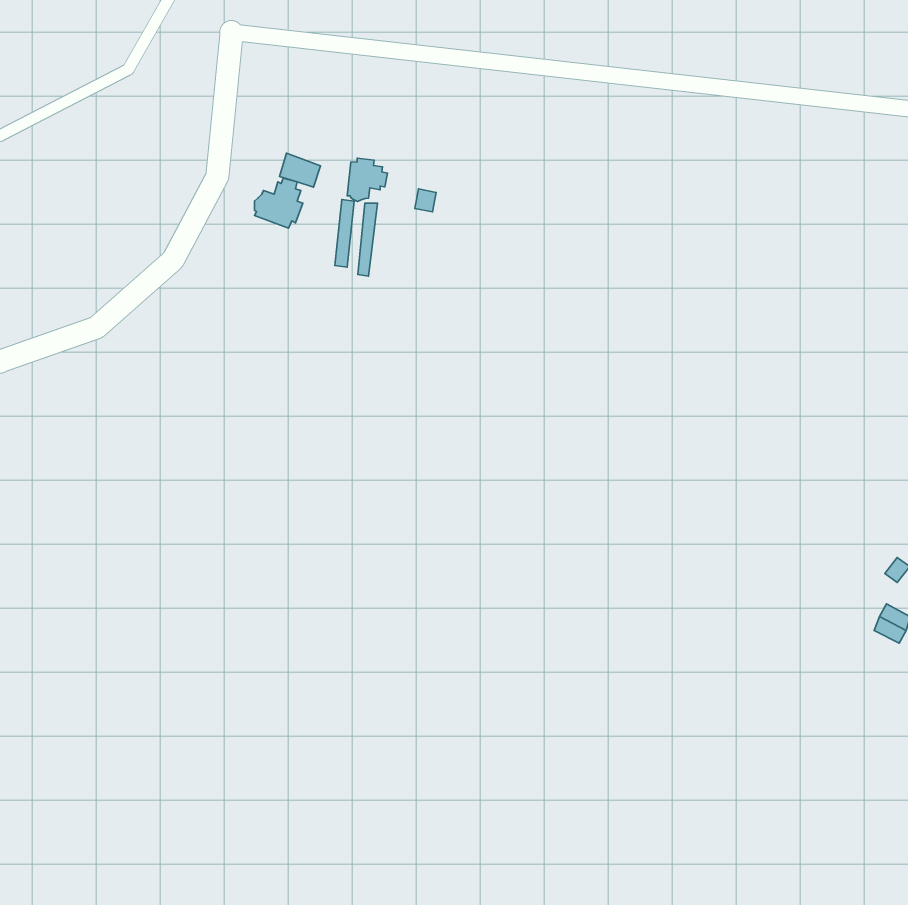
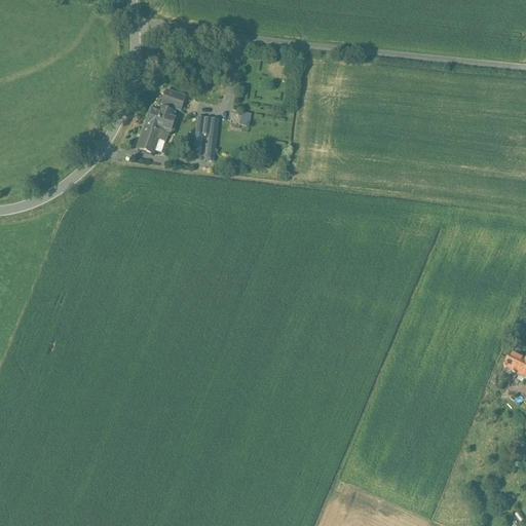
building: [347,158,388,202] -> none
building: none -> [138,124,167,152]

